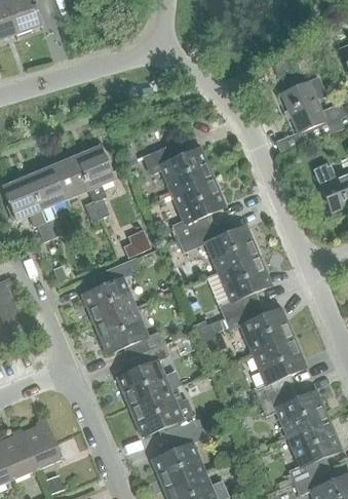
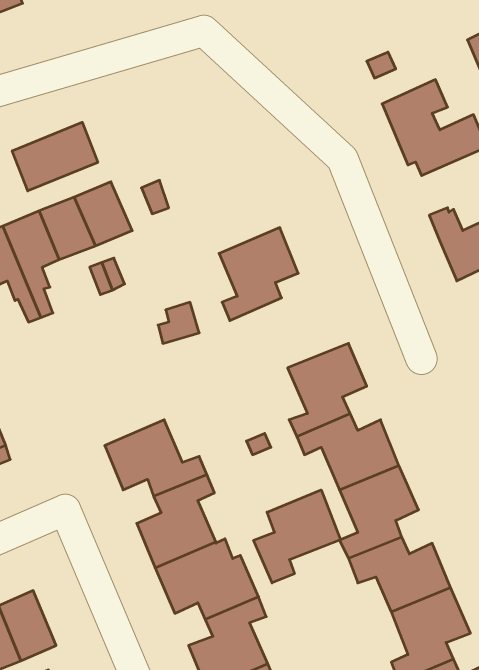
building: none -> [12,122,98,191]
building: [143,143,212,194] -> none
building: [179,220,259,271] -> none
building: [82,257,142,323] -> none
building: none -> [254,490,341,583]

